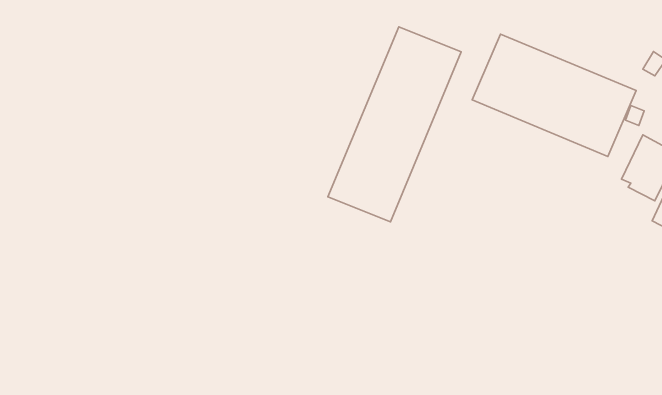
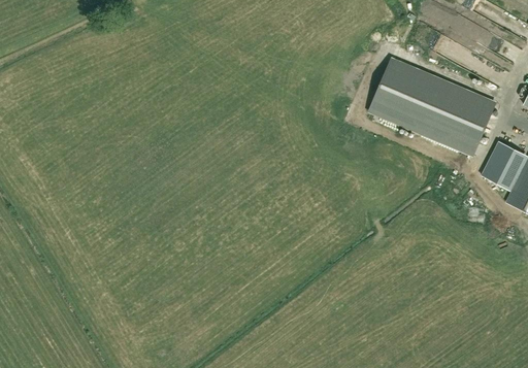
building: [328,27,461,222] -> none

